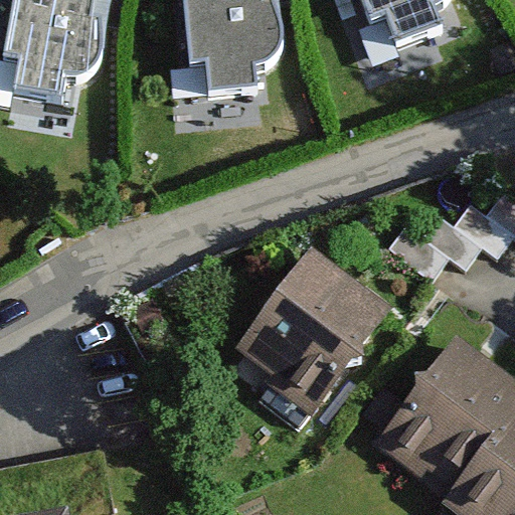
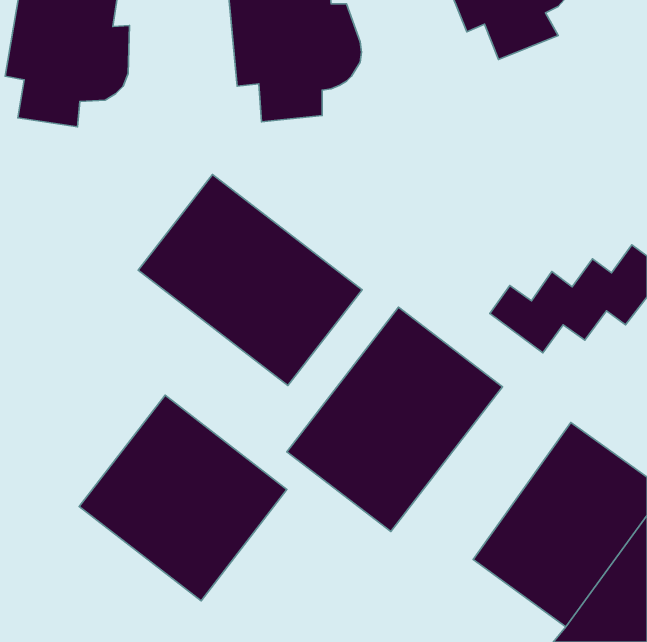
building: none -> [138,174,362,385]
building: none -> [79,395,287,601]

